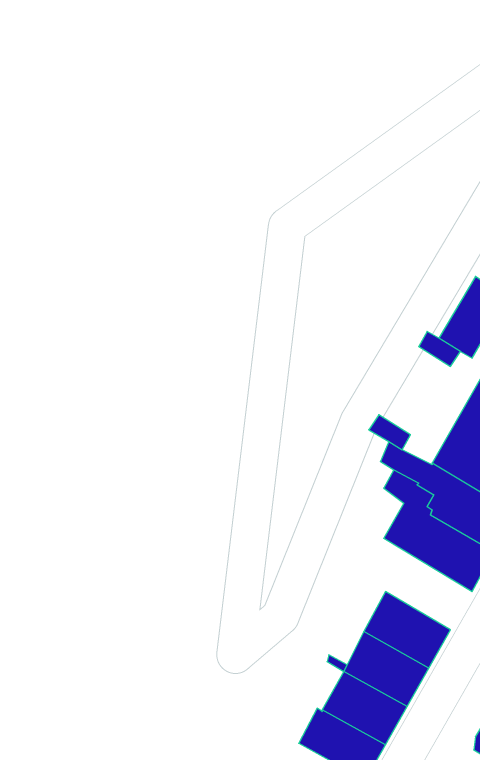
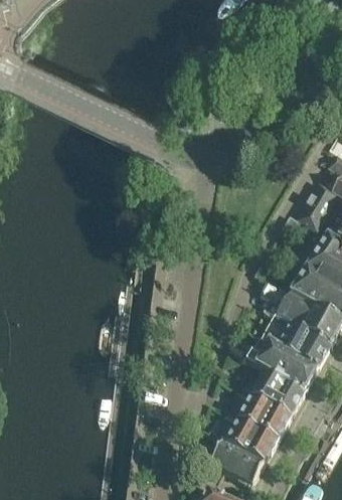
building: none -> [248,335,316,390]

